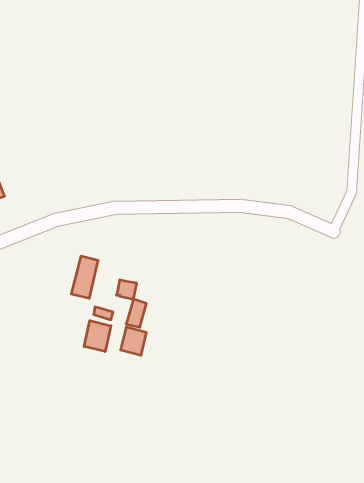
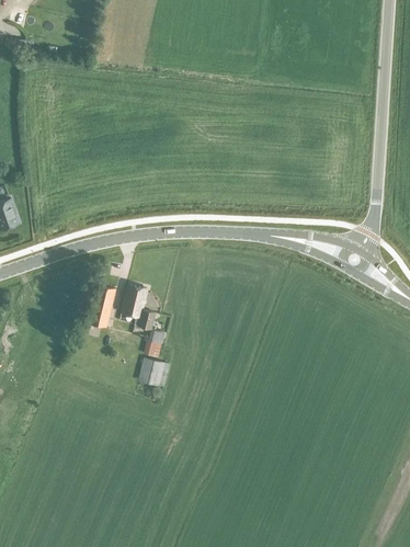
building: none -> [121,284,146,315]
building: [84,321,111,352] -> none

